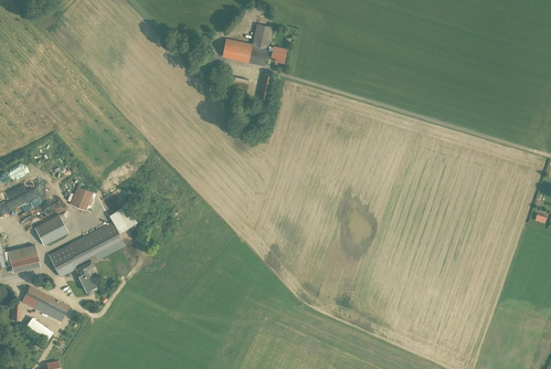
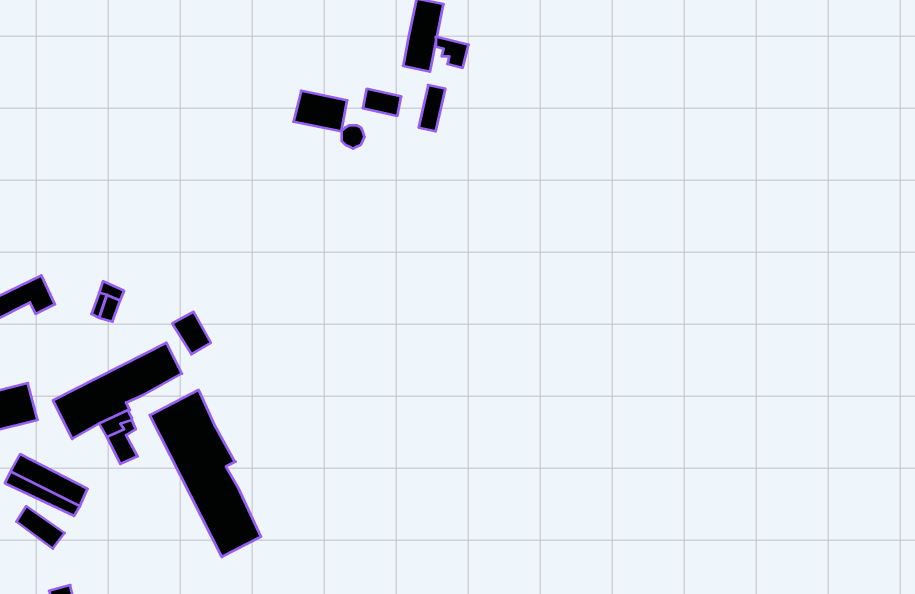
building: [220,40,251,63] -> [293,91,347,131]
building: [33,215,66,245] -> none
building: none -> [150,390,261,557]

